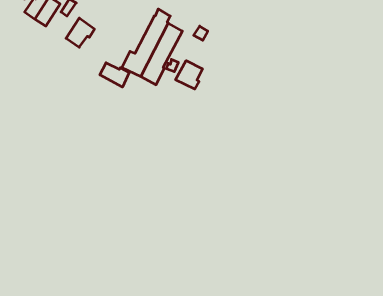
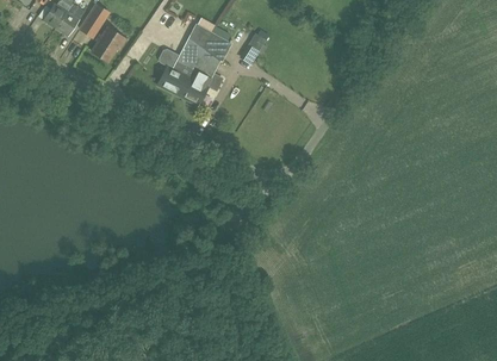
building: [176,61,202,89] -> none
building: [100,63,129,87] -> none

